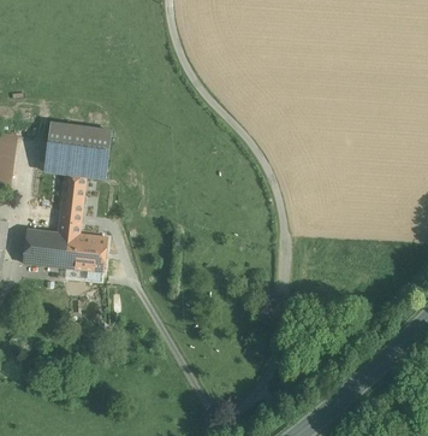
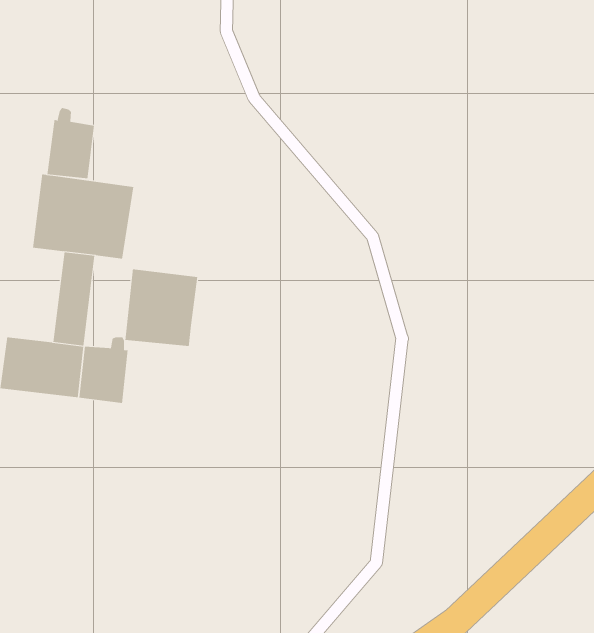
building: none -> [47,107,94,179]
building: none -> [125,268,198,347]

